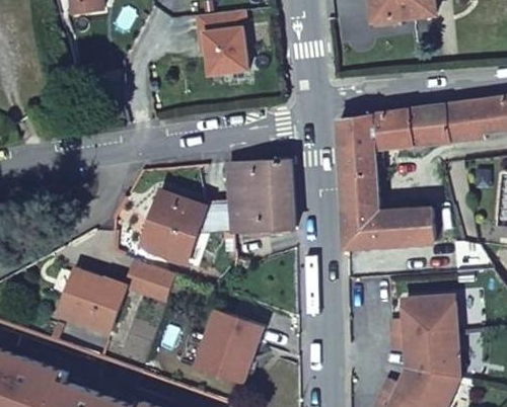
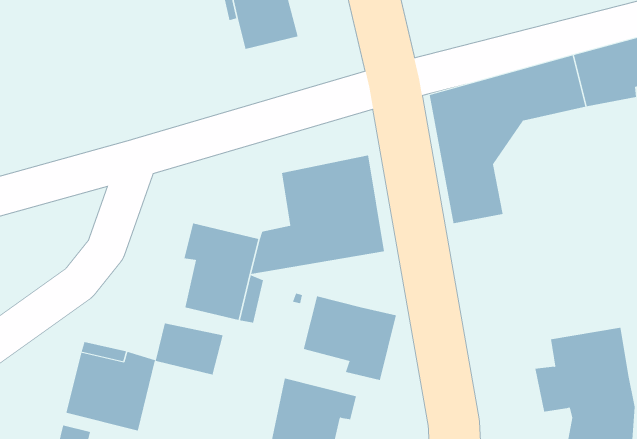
building: [344,206,434,248] -> none
building: none -> [303,295,396,381]

